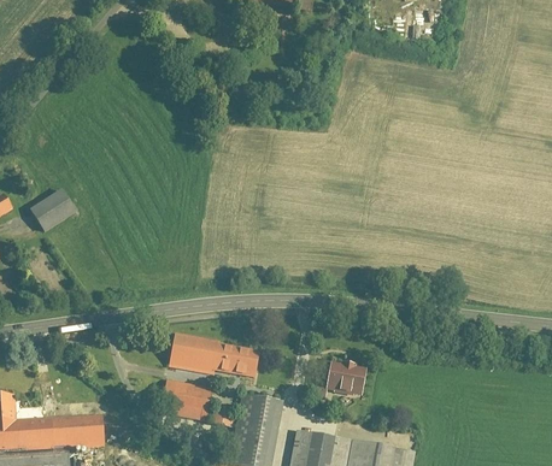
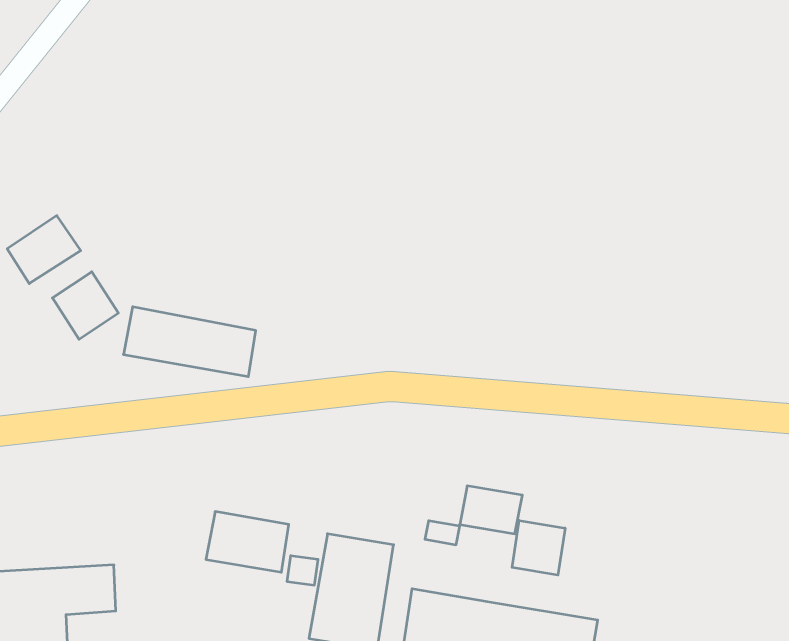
building: none -> [52,272,118,339]
building: [169,332,256,378] -> [123,307,256,377]
building: none -> [512,520,565,575]

